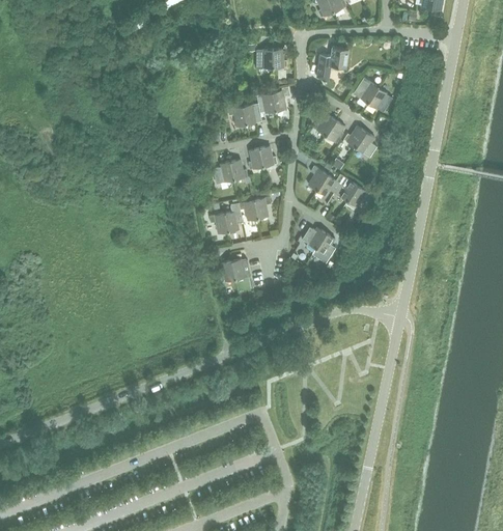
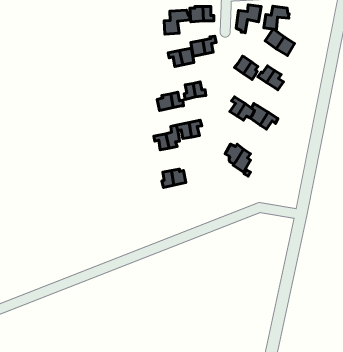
building: none -> [264,6,289,29]
building: none -> [164,10,191,34]

